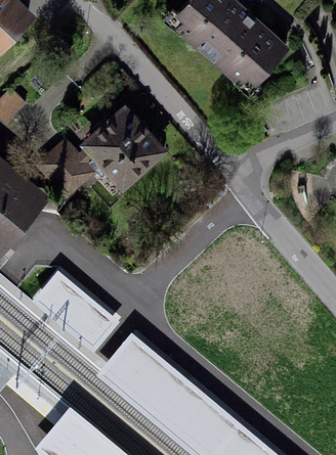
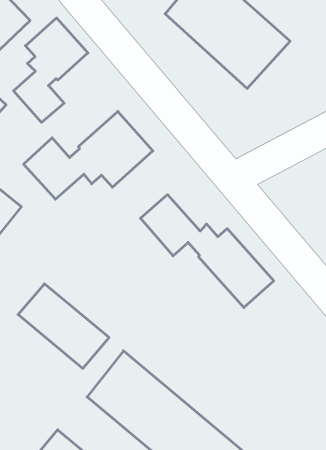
building: none -> [14,18,88,122]
building: none -> [140,195,274,308]

